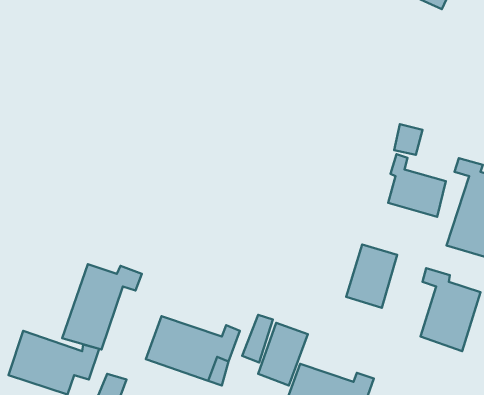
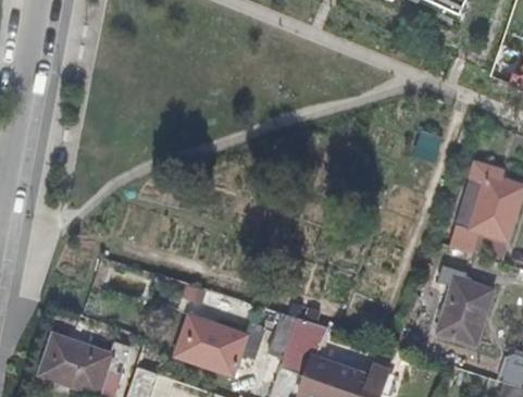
building: [388,154,446,217] -> none
building: [346,244,397,308] -> none
building: [62,264,142,350] -> none

